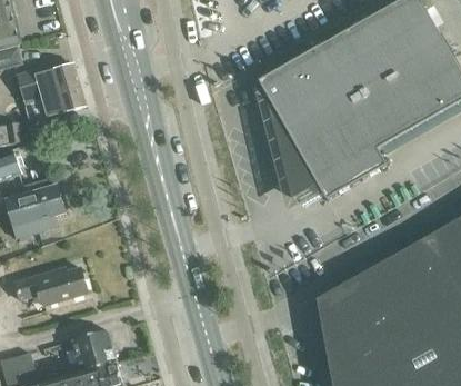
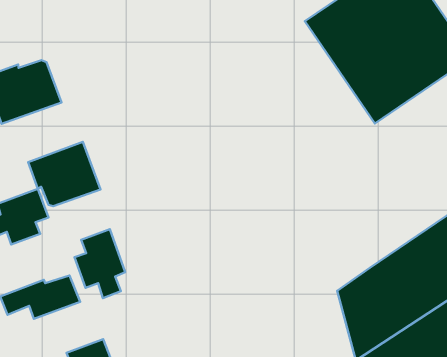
building: [259,48,385,199] -> none
building: none -> [28,142,100,206]
building: none -> [74,229,125,298]

